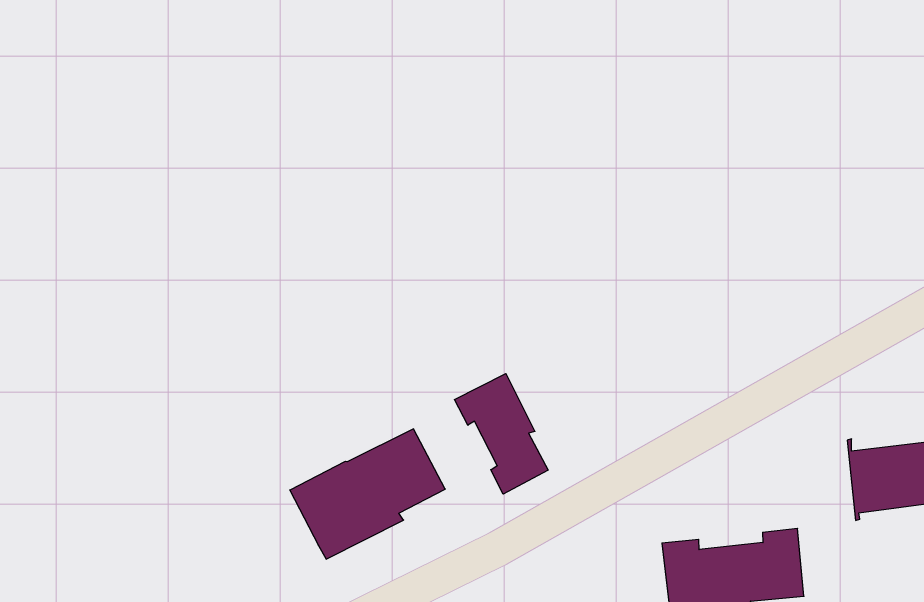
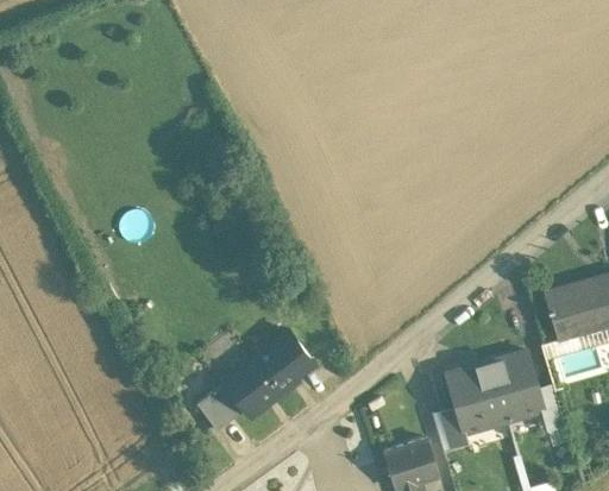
building: [454,374,548,494] -> none
building: none -> [197,384,245,433]

